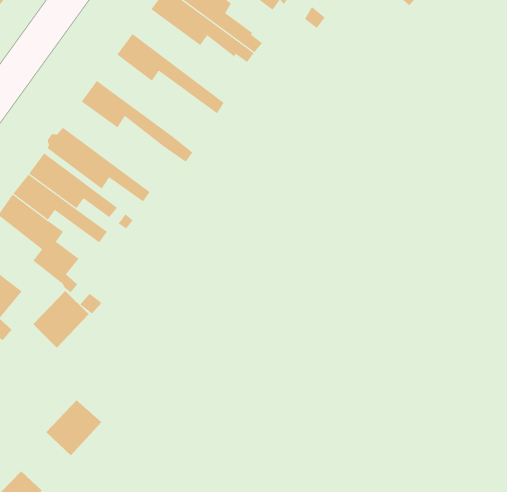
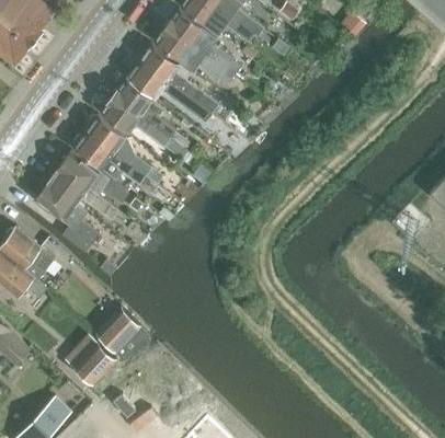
building: none -> [140,45,219,114]
building: none -> [113,80,191,152]
building: none -> [87,116,164,185]
building: [33,290,89,348] -> [96,309,140,354]

